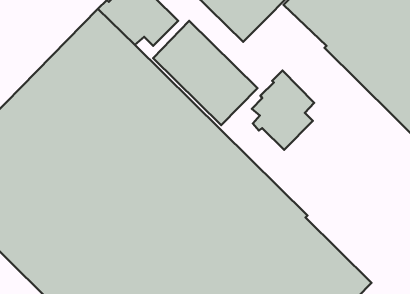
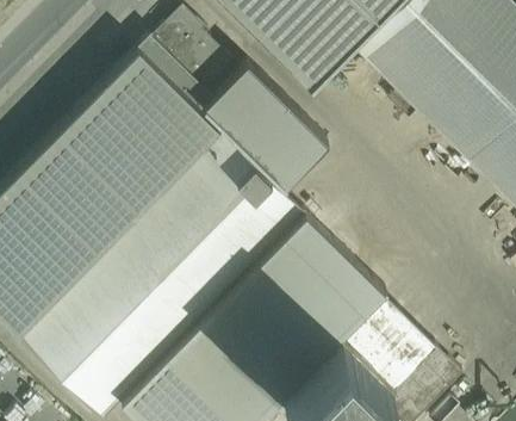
building: [252,70,314,150] -> none

